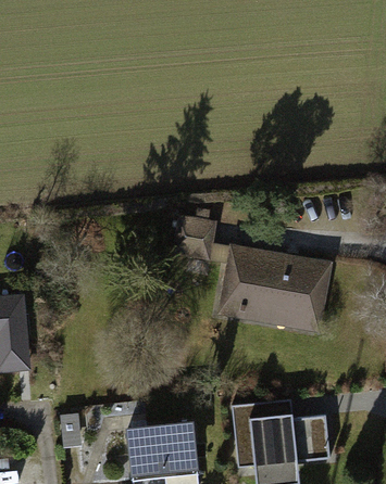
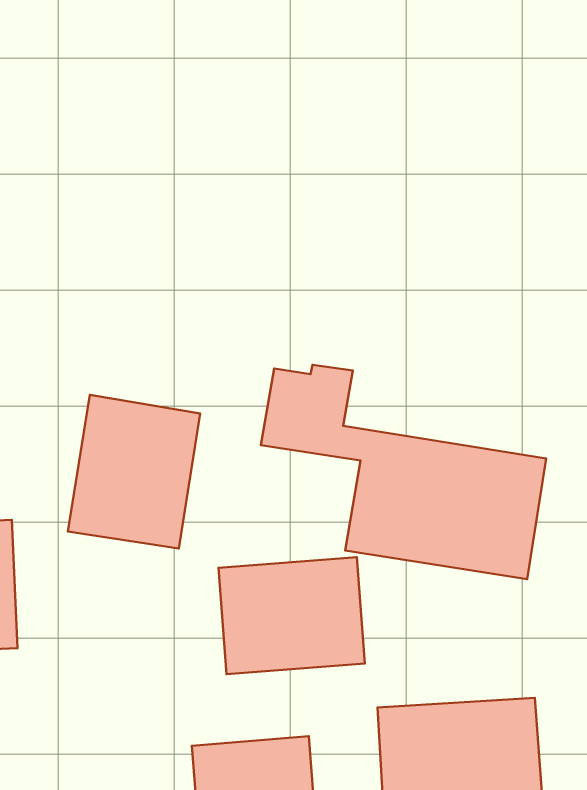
building: none -> [68,395,200,549]
building: none -> [219,557,365,674]

